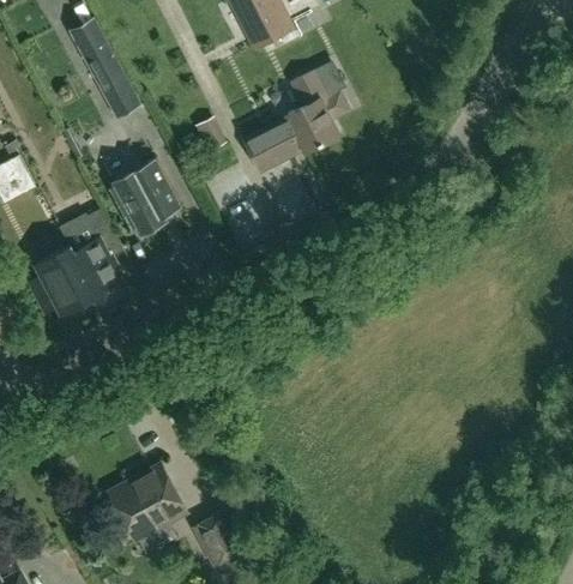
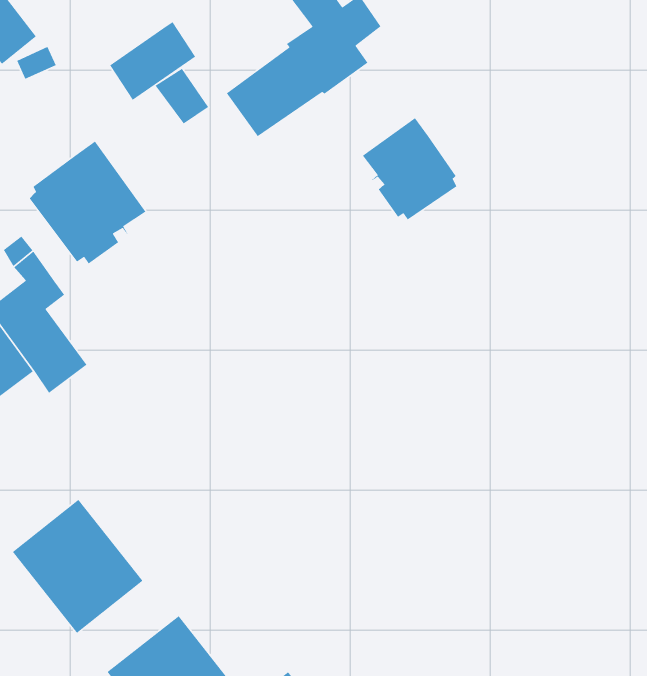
building: none -> [109,21,196,101]
building: none -> [362,117,457,220]
building: none -> [12,499,143,634]

